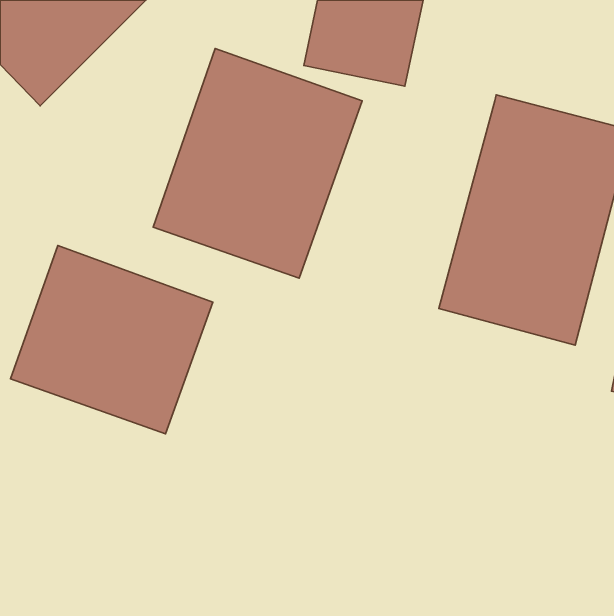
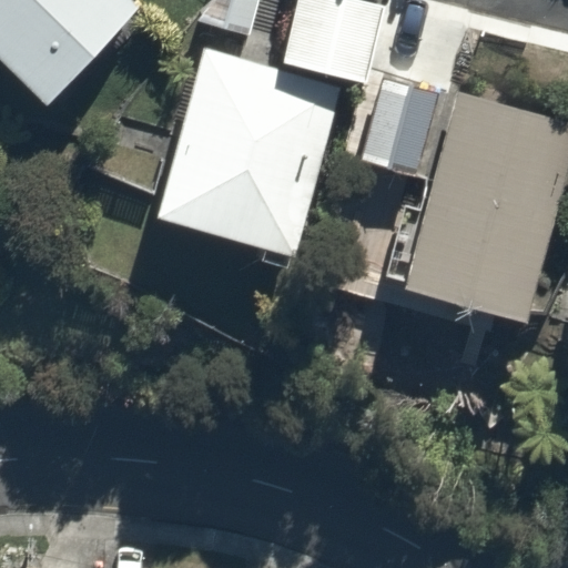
building: none -> [362,78,458,183]
building: [10,246,213,434] -> none

